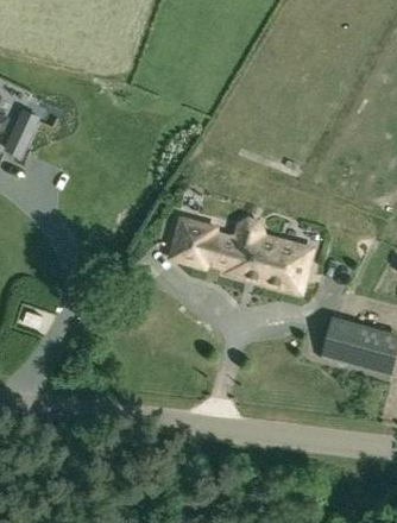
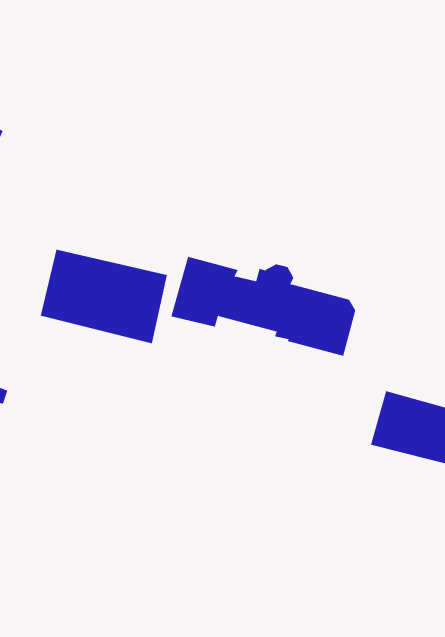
building: none -> [40,249,167,344]

